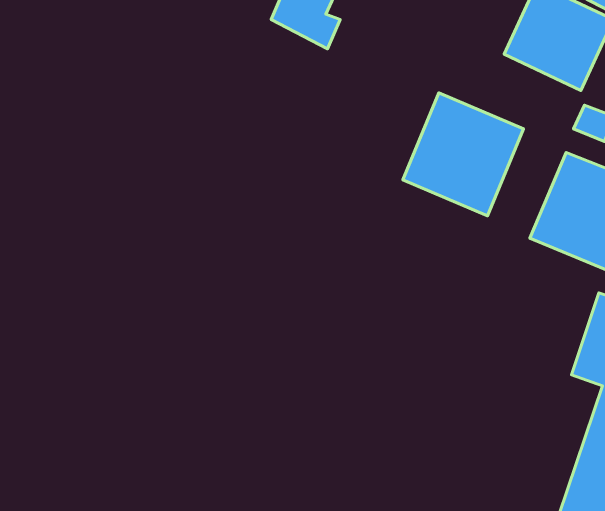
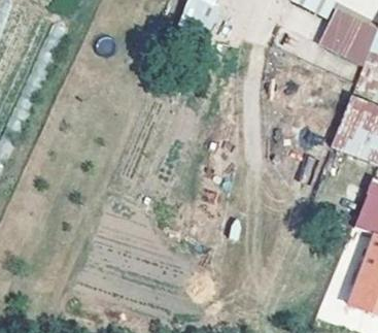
building: [403,93,523,216] -> none

